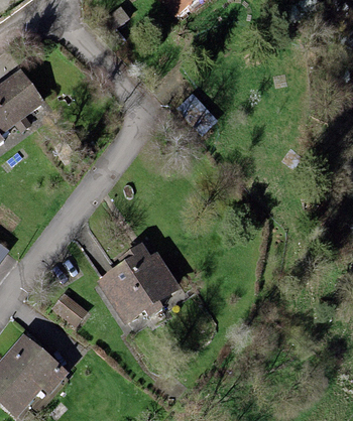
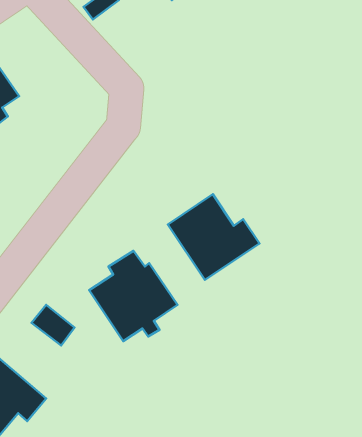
building: none -> [168,194,259,280]

